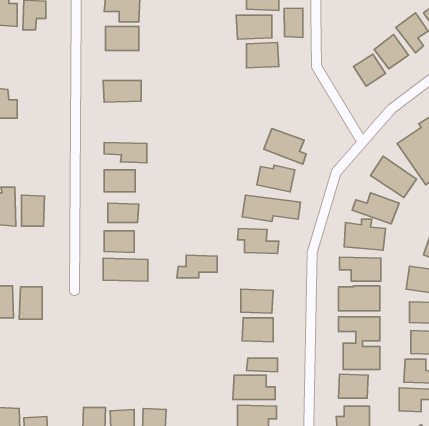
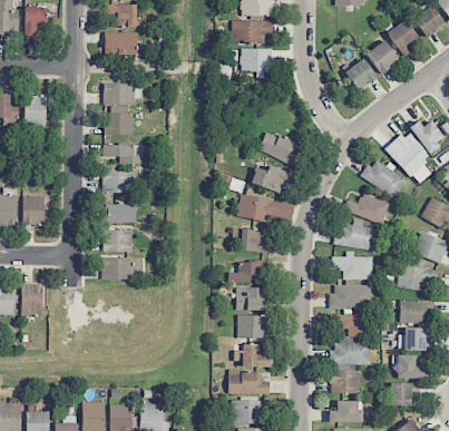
building: [284,8,303,37] -> none
building: none -> [25,94,47,124]
building: none -> [105,112,134,134]
building: [177,255,217,278] -> [231,259,270,282]

